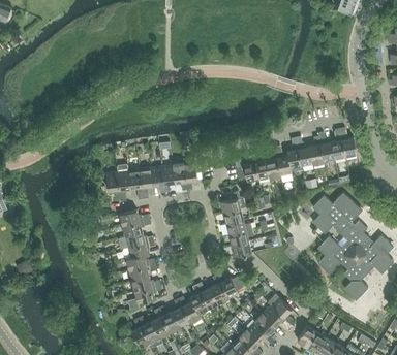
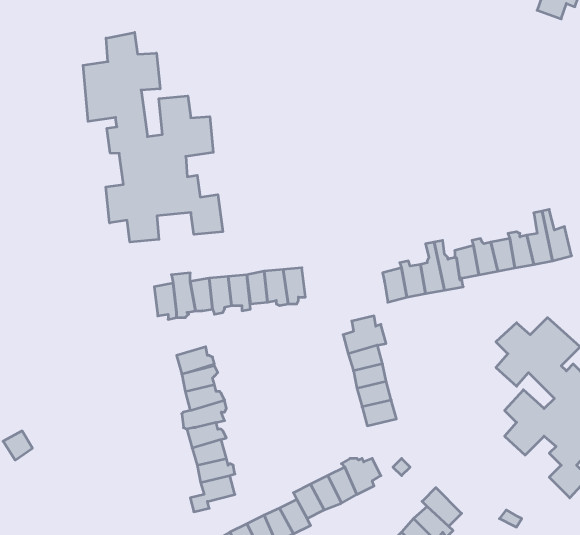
building: none -> [83,32,223,242]

